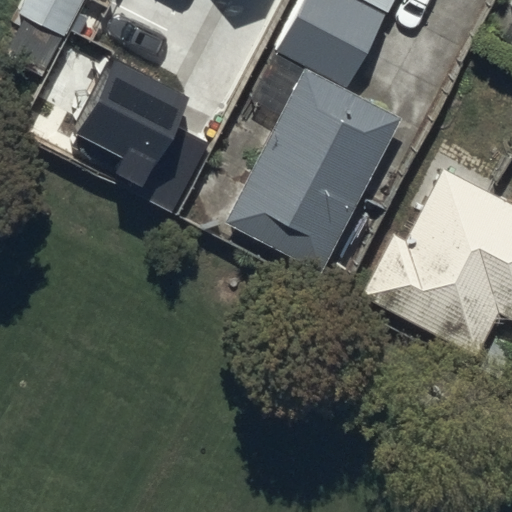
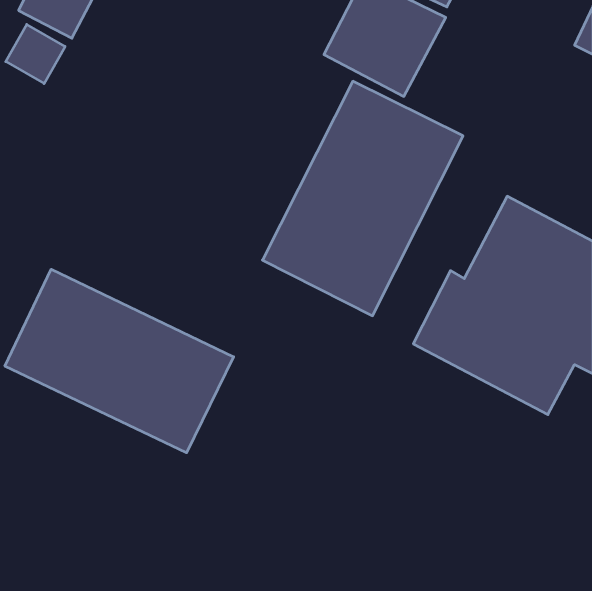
building: [81,60,208,209] -> none
building: none -> [5,269,234,453]

